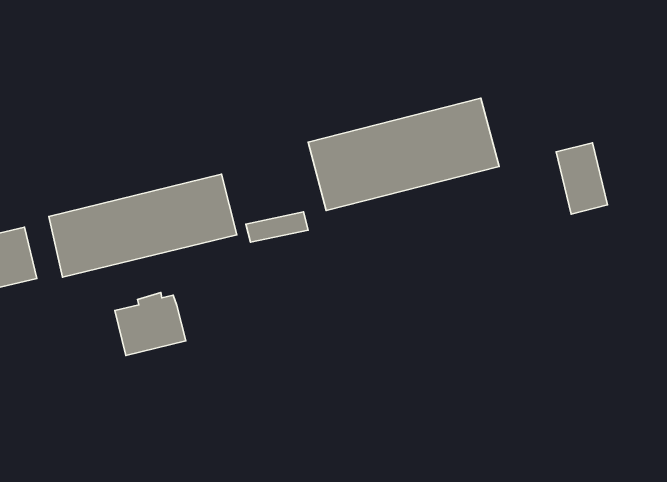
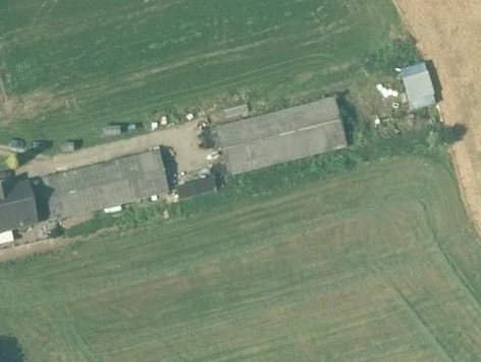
building: [556,143,608,214] -> [400,60,435,108]
building: [115,292,186,356] -> none

